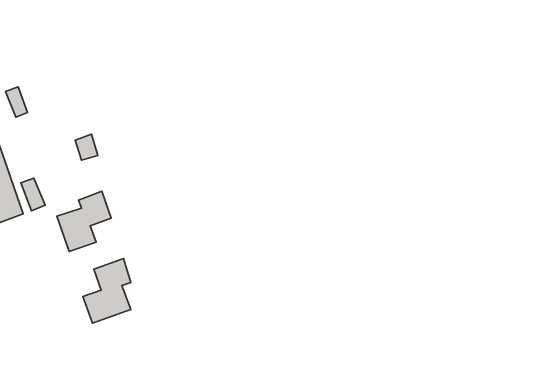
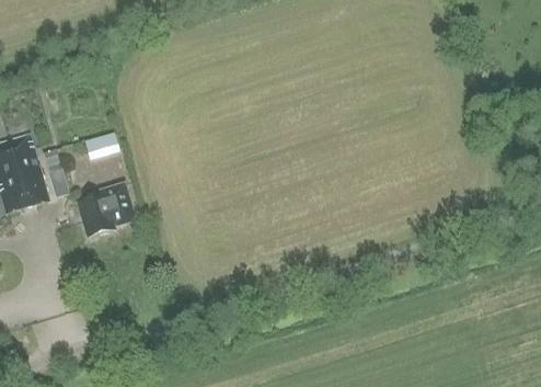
building: [83,259,131,323] -> none

